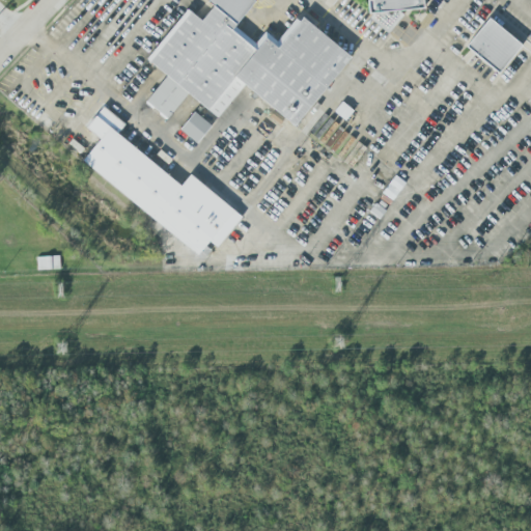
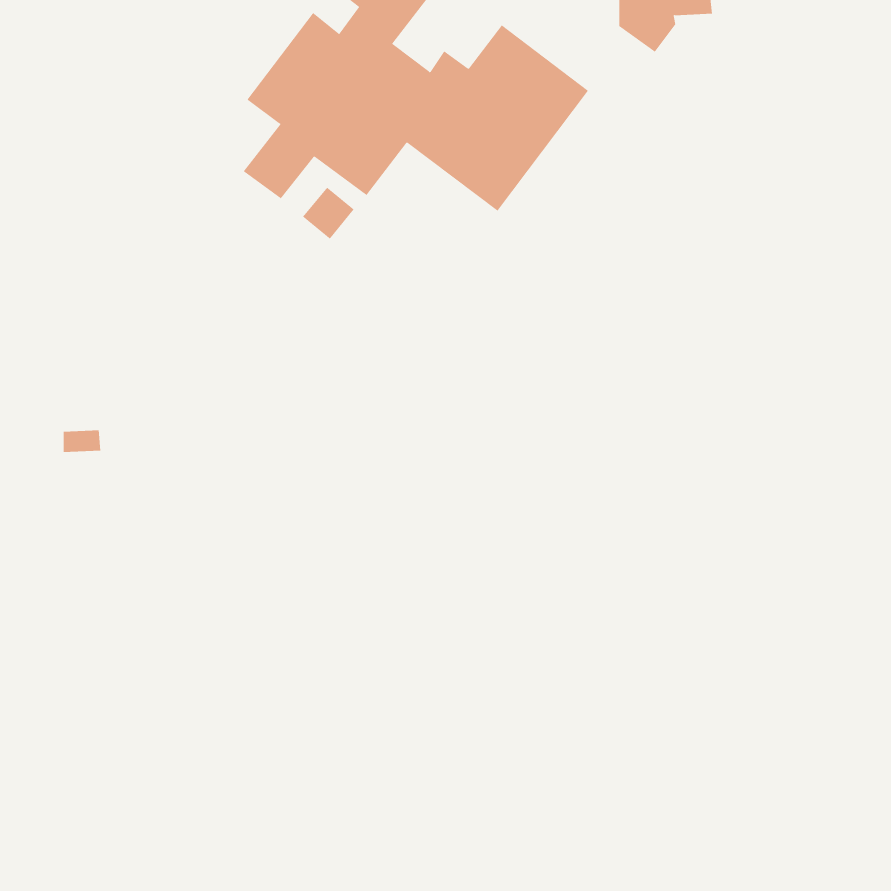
building: [466,17,523,73] -> none
building: [82,106,243,253] -> none

